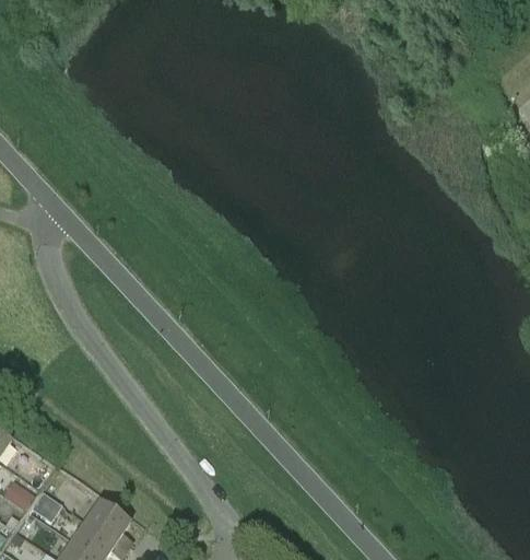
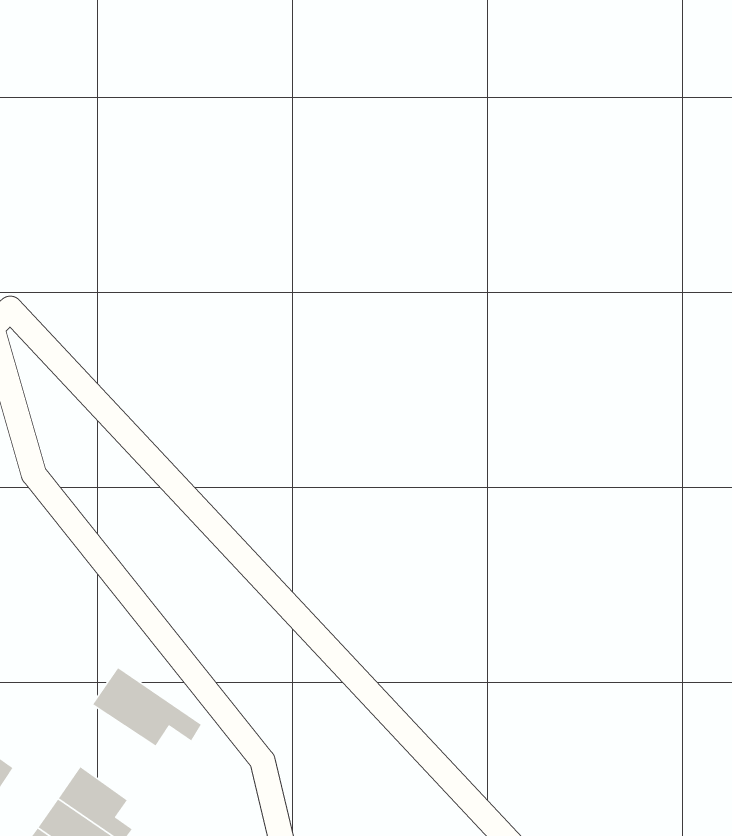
building: none -> [92,667,202,746]

